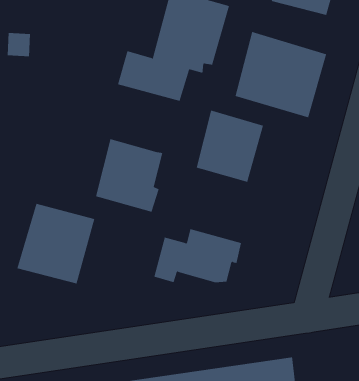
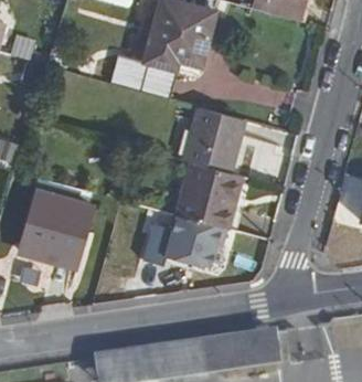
building: [235,31,327,118] -> none
building: [95,138,163,212] -> [175,161,237,229]

